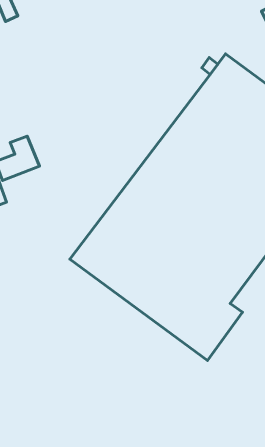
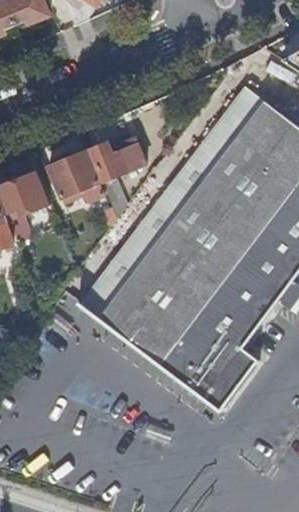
building: none -> [90,139,146,182]
building: none -> [47,152,98,200]

